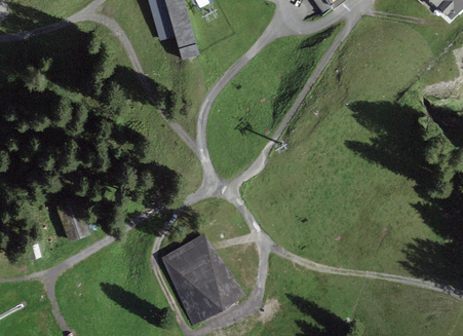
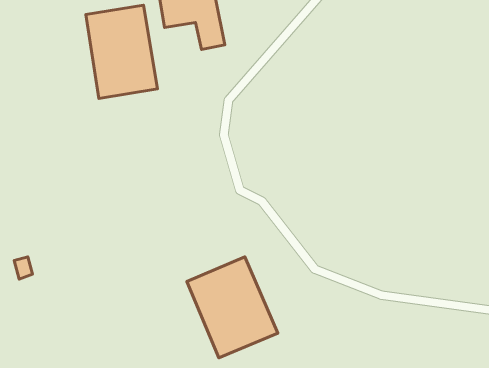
building: none -> [86,5,158,99]

